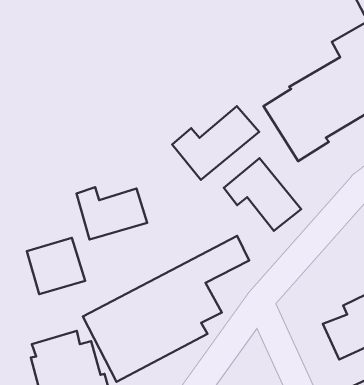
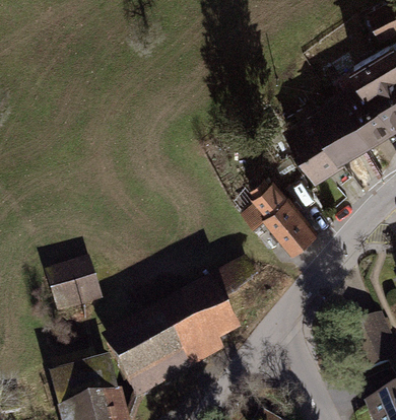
building: [172,106,259,180] -> none
building: [76,187,147,240] -> none

